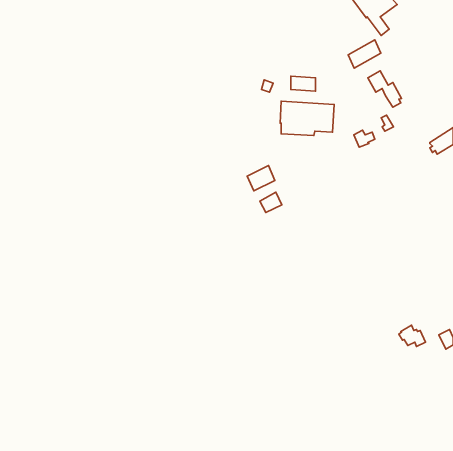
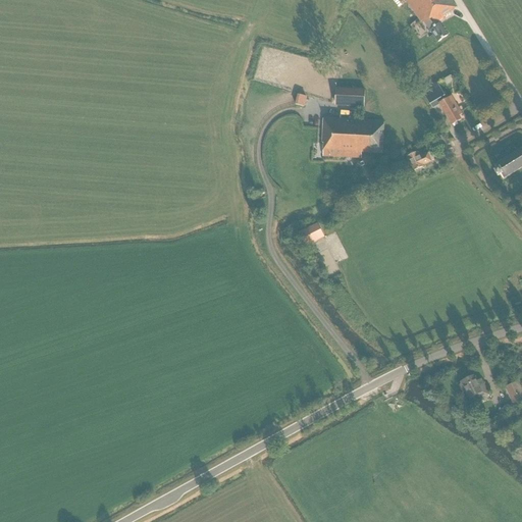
building: [348,40,381,68] -> none
building: [247,166,275,191] -> none

